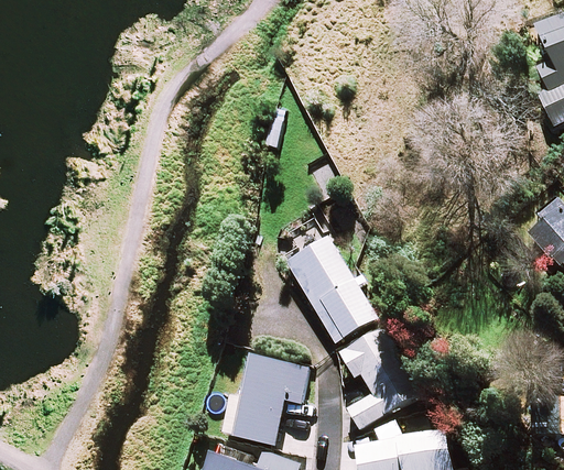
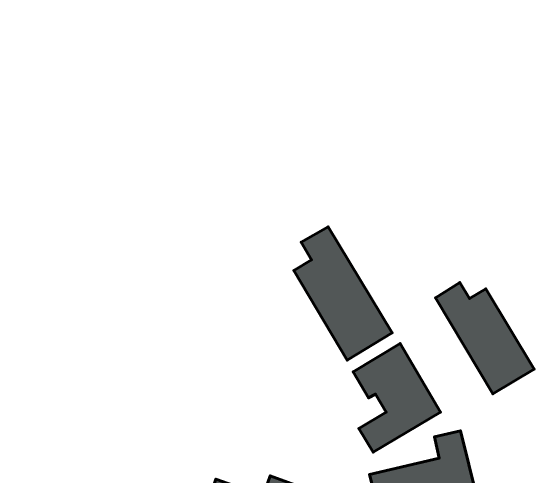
building: none -> [436,283,534,394]
building: [225,357,310,446] -> none

